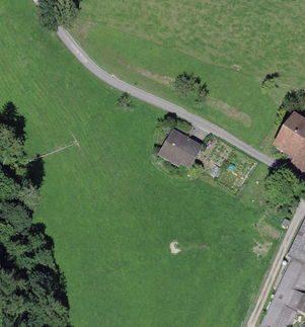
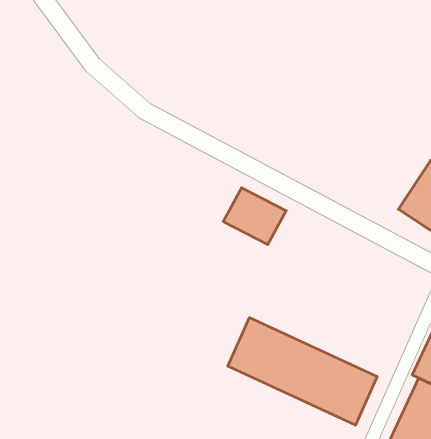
building: none -> [228,318,377,425]

